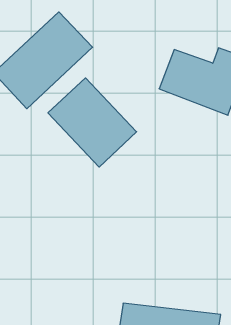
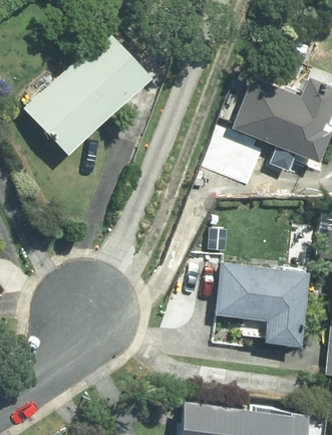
building: [48,78,137,167] -> none
building: none -> [212,258,305,345]

